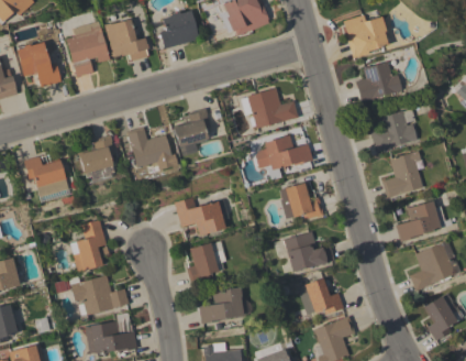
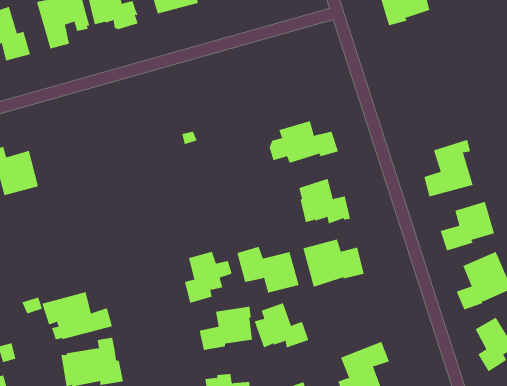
building: [356,62,402,101] -> none
building: [241,88,298,129] -> none
building: [174,108,210,146] -> none
building: [370,109,418,152] -> none
building: [126,127,174,172] -> none
building: [79,135,114,174] -> none
building: [175,197,226,236] -> [236,246,300,293]
building: [70,220,107,273] -> none
building: [299,277,344,315] -> [254,302,309,348]

